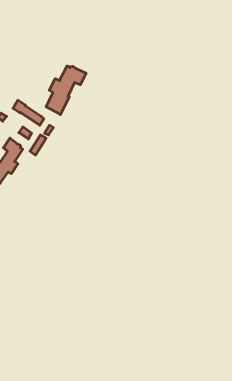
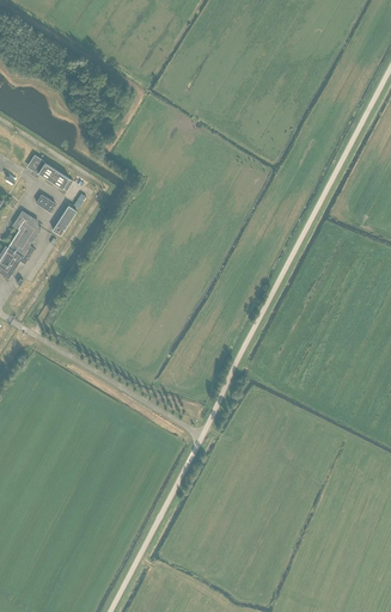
building: [46,66,86,115] -> none

